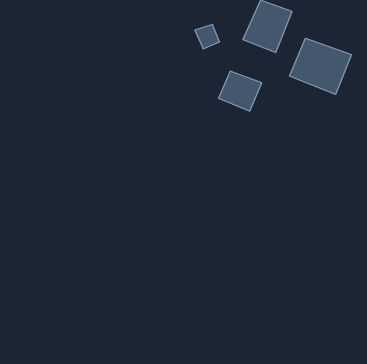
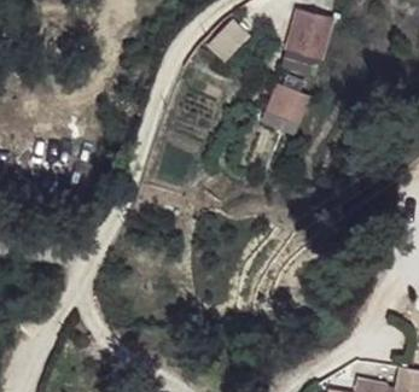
building: [289,38,352,94] -> none

